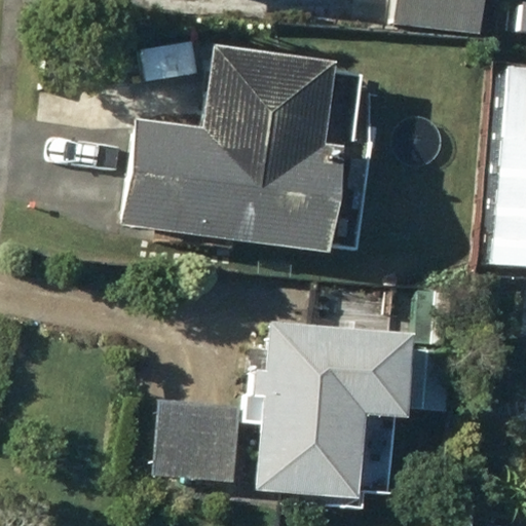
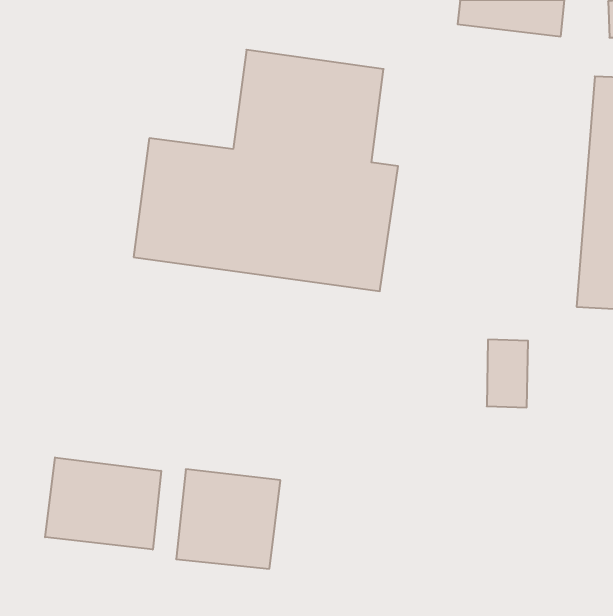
building: [251,322,409,493] -> none
building: none -> [45,457,161,550]

